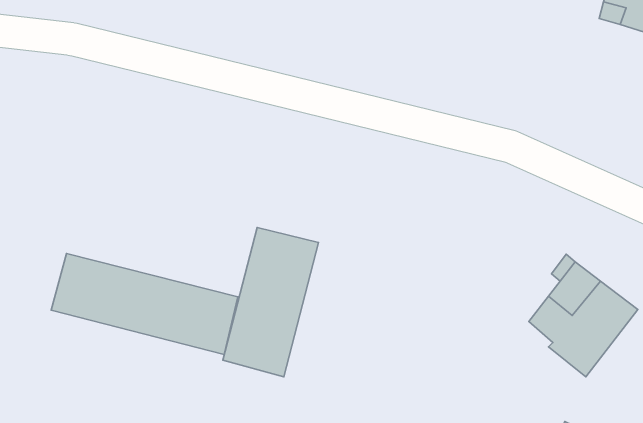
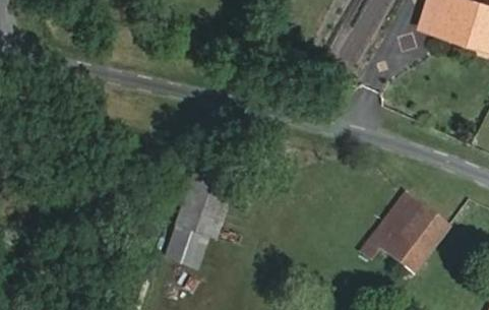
building: [51,253,238,354] -> none

